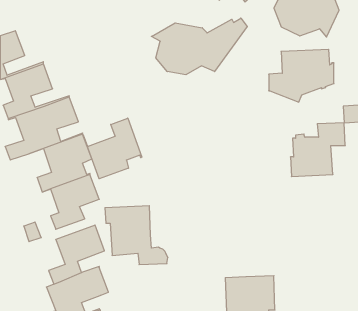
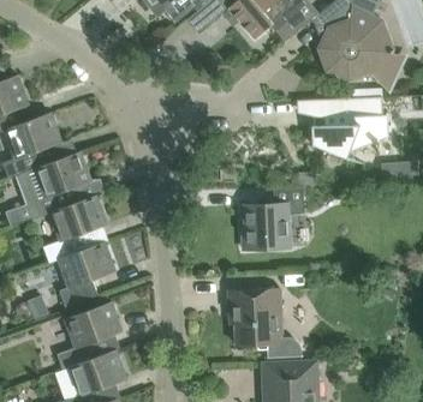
building: [151,18,247,75] -> none
building: [83,118,142,179] -> none
building: [290,123,345,177] -> [242,187,305,250]
building: [105,206,168,265] -> [228,288,302,356]

